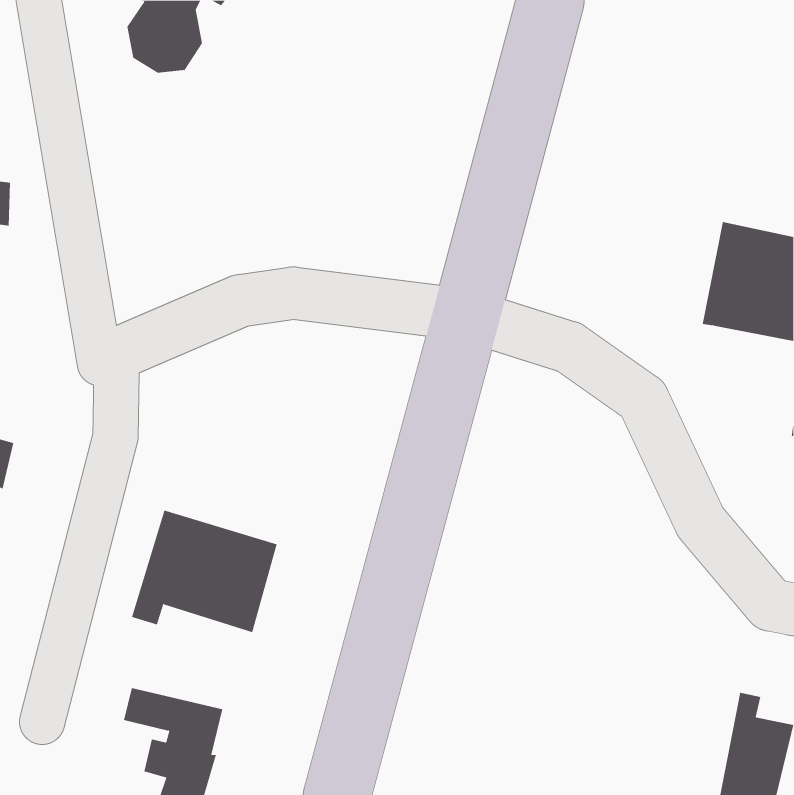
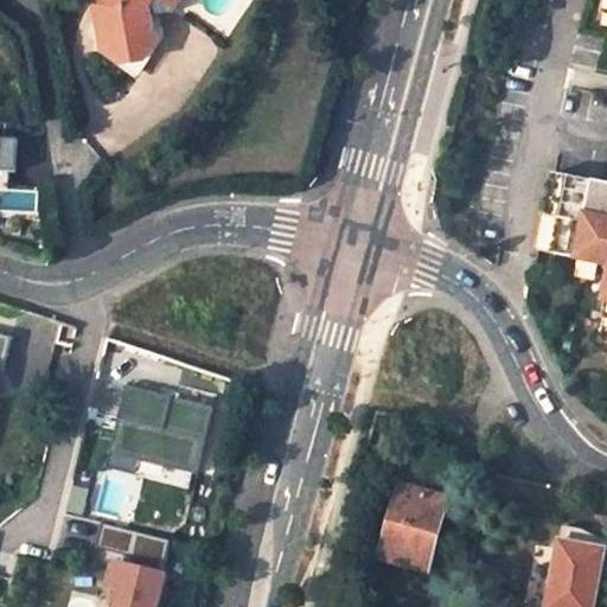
building: none -> [378,487,447,574]

